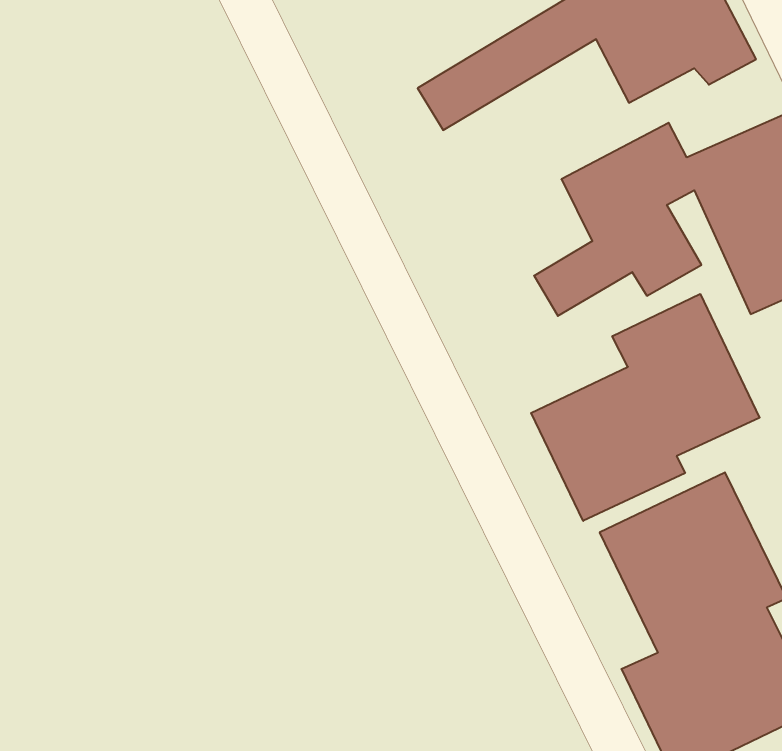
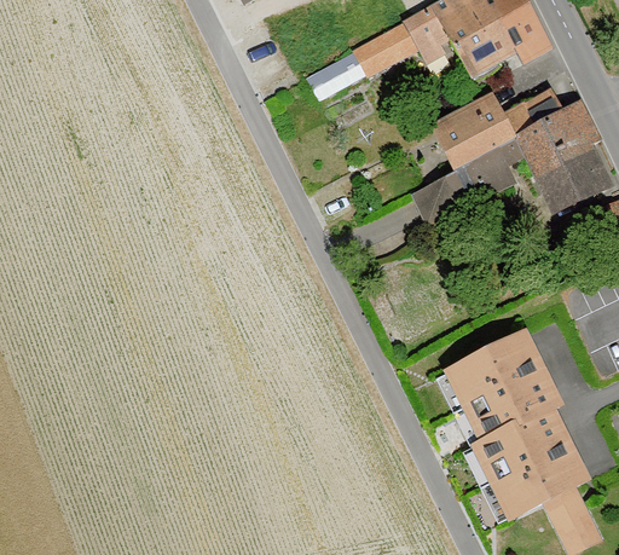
building: [531,294,760,521] -> none

